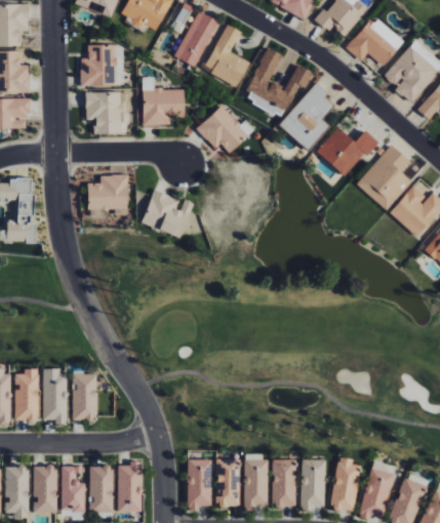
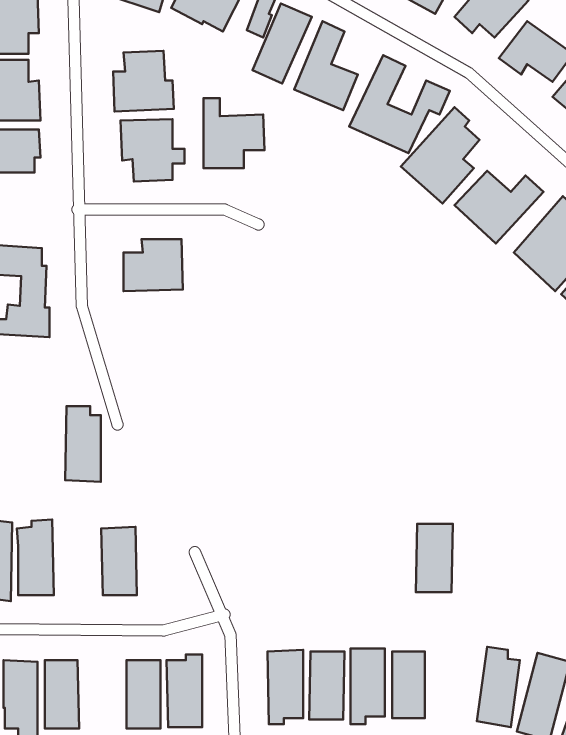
building: [196,106,254,153] -> none
building: [143,191,192,236] -> none
building: [42,369,67,421] -> [65,406,101,482]
building: [301,459,326,507] -> [416,524,453,592]
building: [61,467,84,512] -> none

